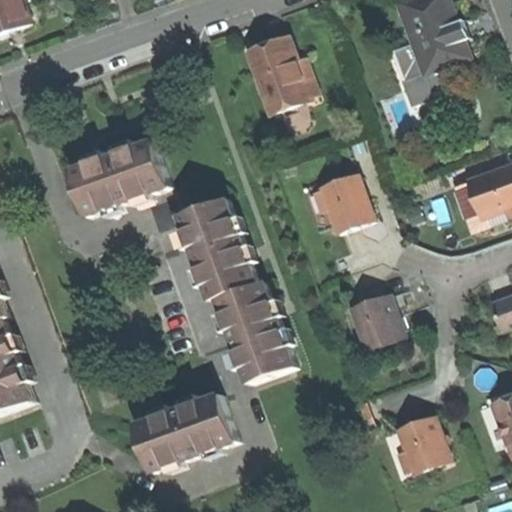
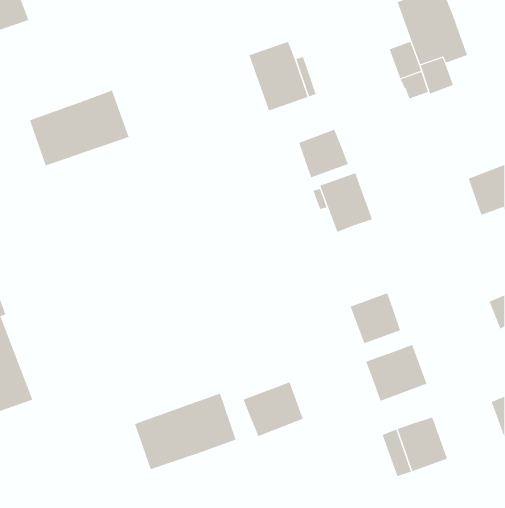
building: none -> [298,129,348,178]
building: [69,138,169,214] -> [29,90,129,166]
building: [179,196,295,382] -> none
building: none -> [366,344,427,401]
building: none -> [243,382,303,437]

